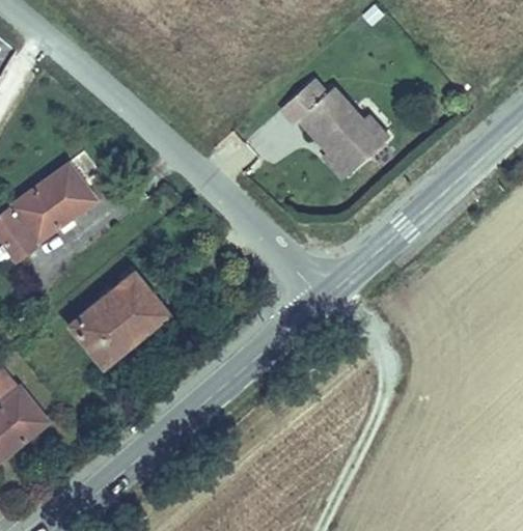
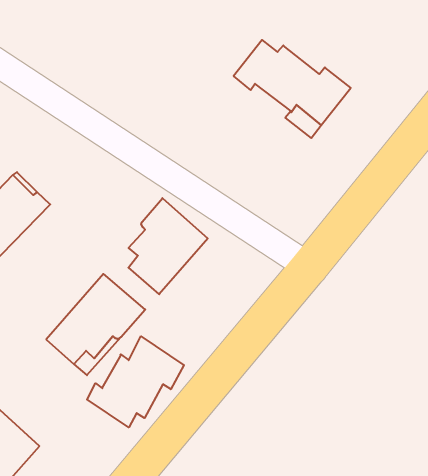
building: none -> [128,198,208,294]
building: none -> [87,336,184,427]

